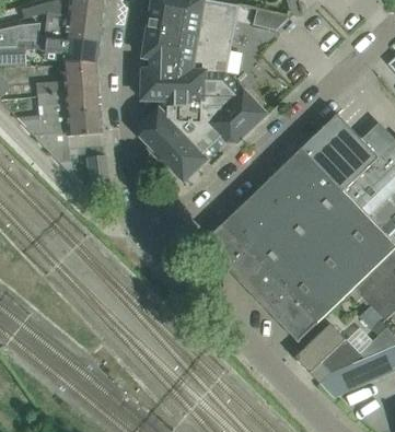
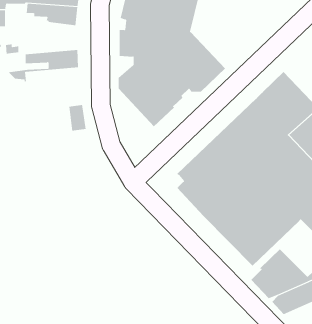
building: [34,59,96,96] -> none
building: [31,112,100,161] -> none

